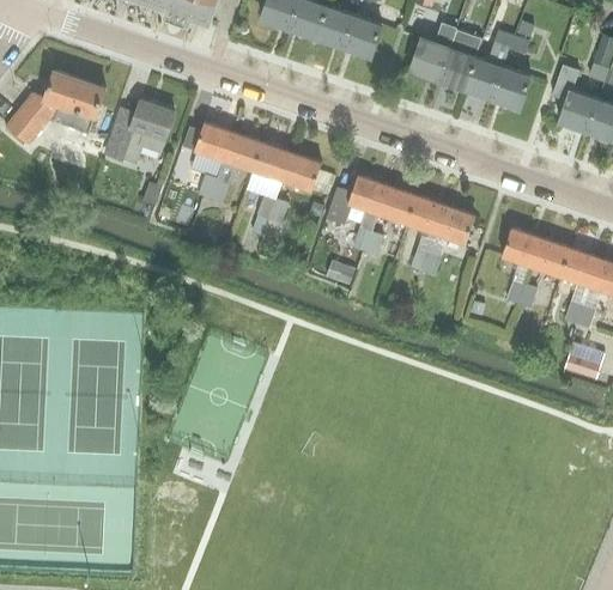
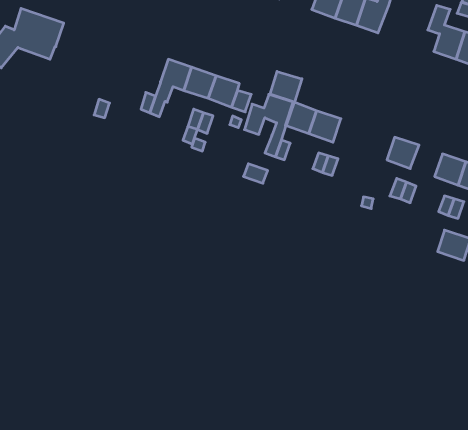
building: [491,67,530,110] -> none
building: [105,101,174,160] -> none
building: [194,122,233,160] -> none
building: none -> [270,71,302,102]
building: [436,206,474,244] -> none
building: [530,238,570,276] -> none

